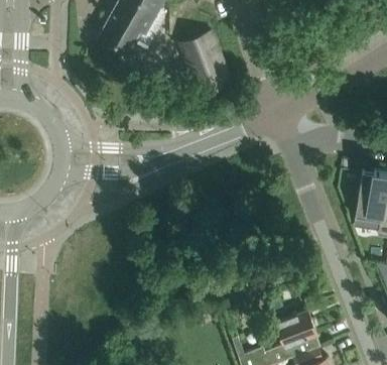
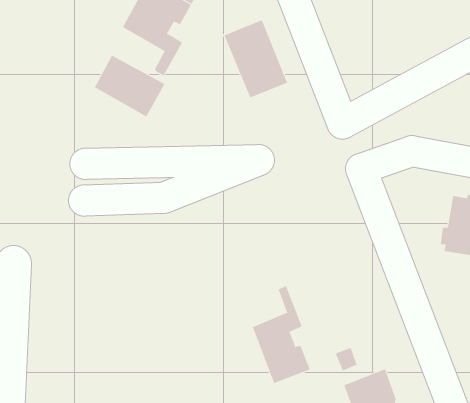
building: none -> [94,55,165,117]
building: none -> [252,285,310,384]

